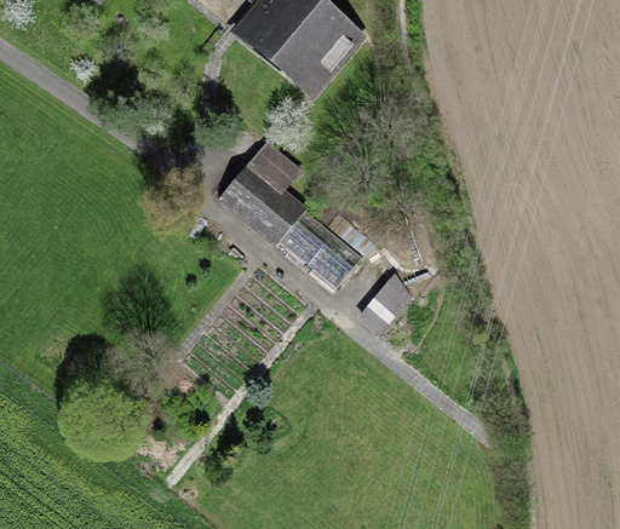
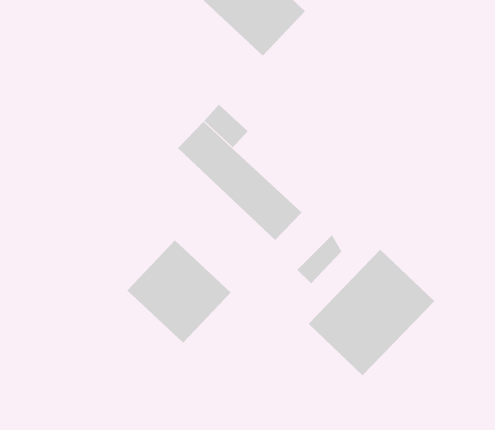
building: none -> [308,249,435,376]
building: none -> [127,239,231,343]

